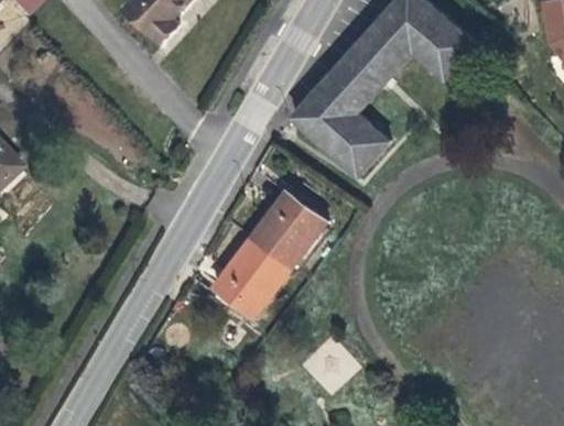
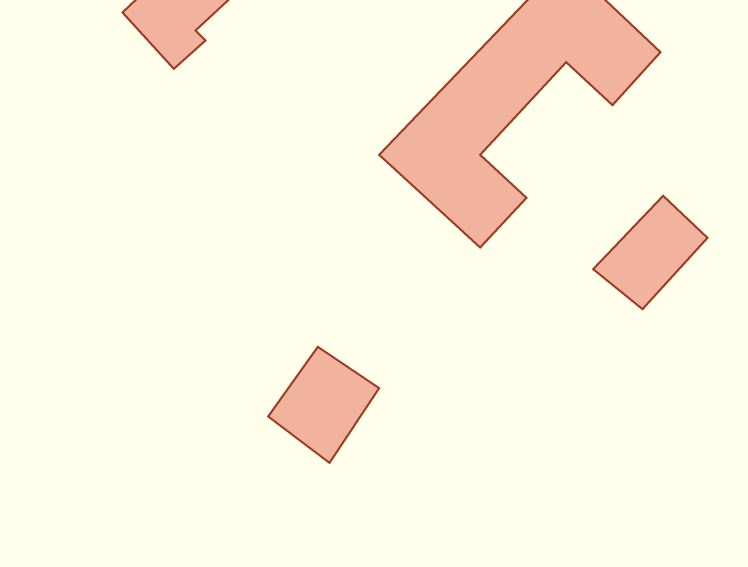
building: none -> [593,196,707,309]
building: [249,187,325,266] -> none

